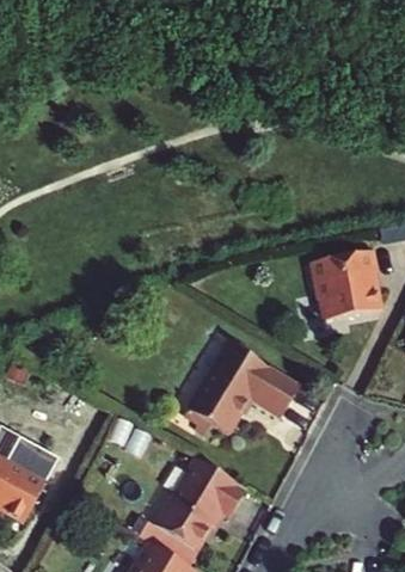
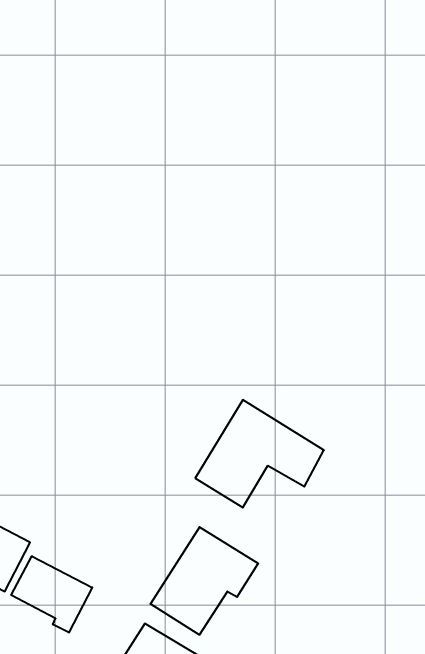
building: [309,247,380,318] -> none
building: none -> [11,556,92,633]

